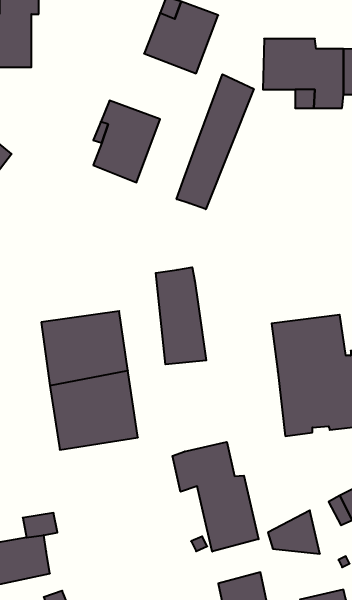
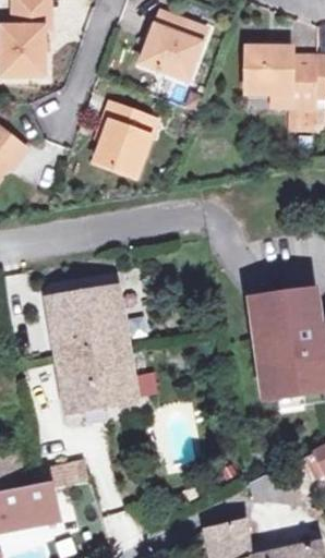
building: [177,74,254,209] -> none
building: [156,267,206,364] -> none
building: [172,442,259,552] -> none

